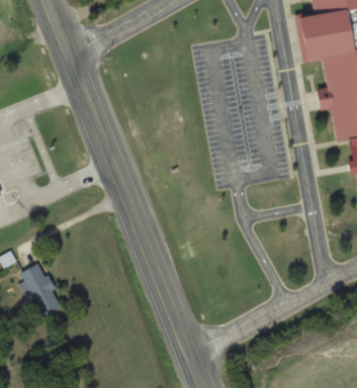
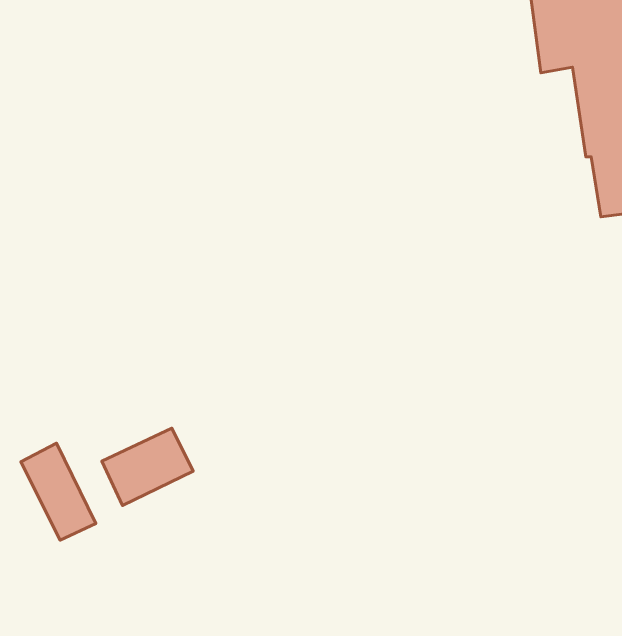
building: none -> [102,428,193,506]

